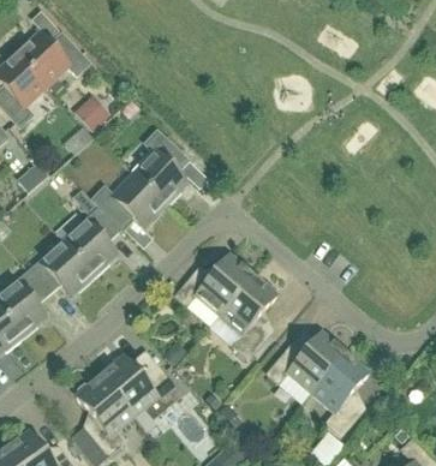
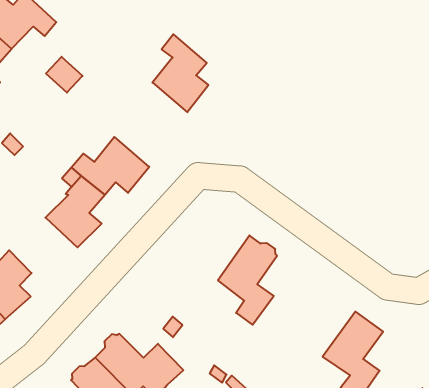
building: [133,131,185,204] -> [152,34,208,112]
building: [28,244,91,295] -> none
building: [174,256,251,315] -> none
building: [267,333,344,393] -> none

